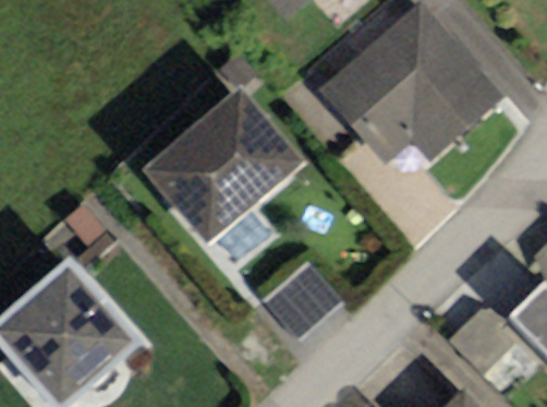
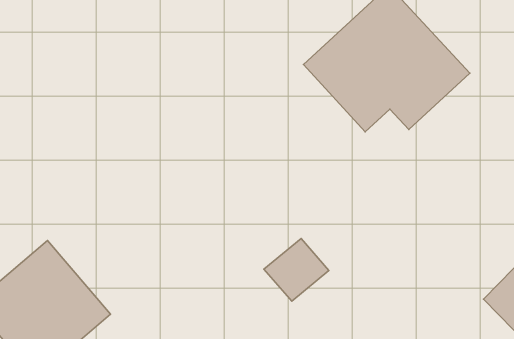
building: [143,91,299,241] -> none

